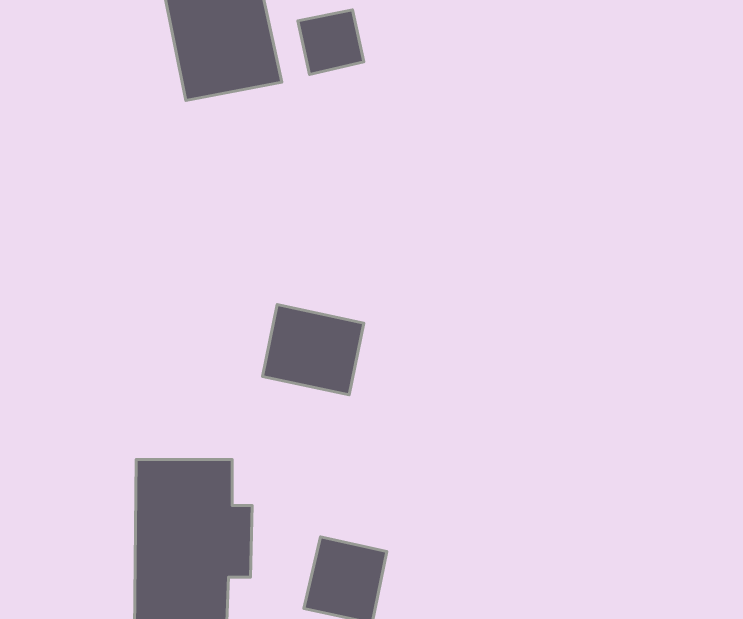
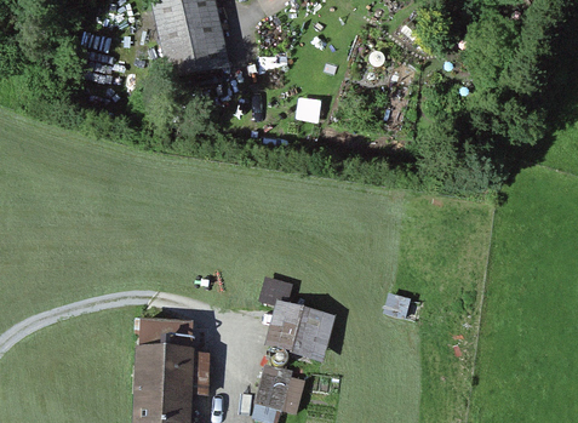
building: [298,10,364,75] -> none
building: [263,305,364,395] -> [262,301,328,360]

